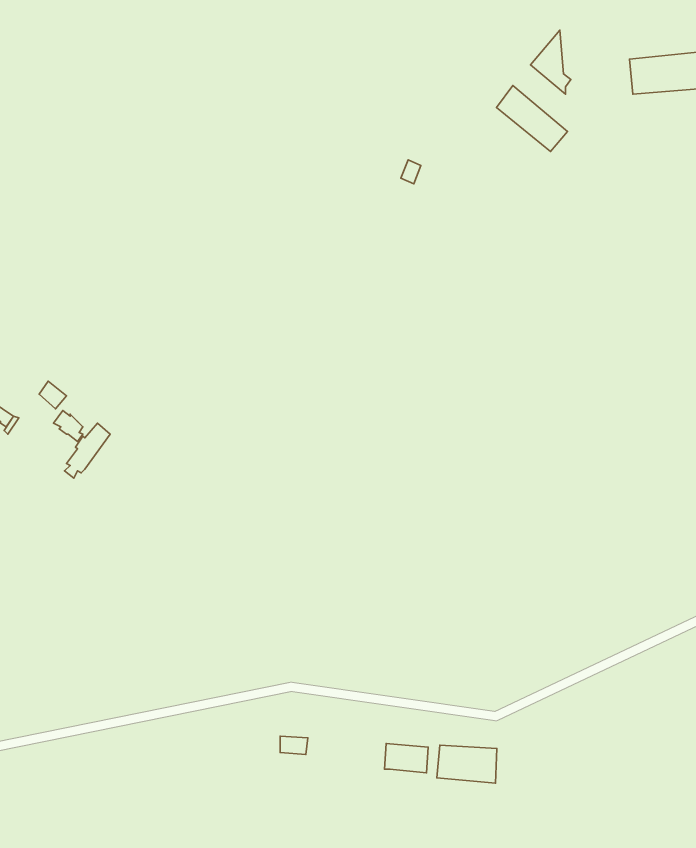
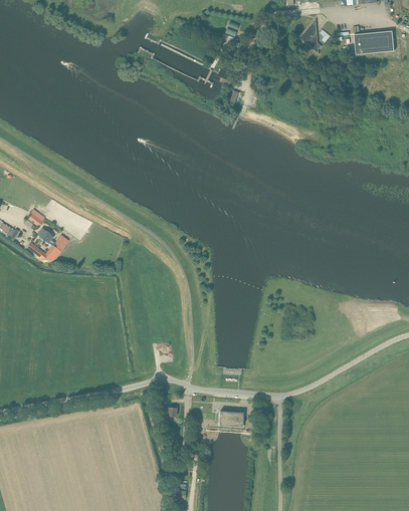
building: [497,85,567,151] -> none
building: [437,745,497,783] -> none

